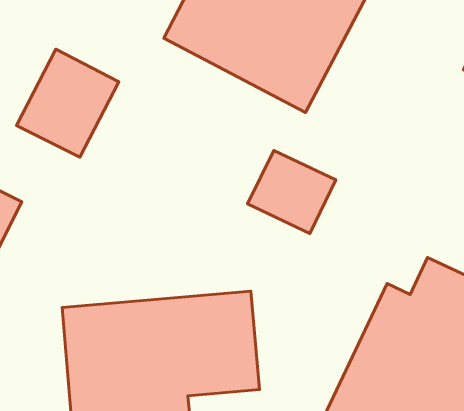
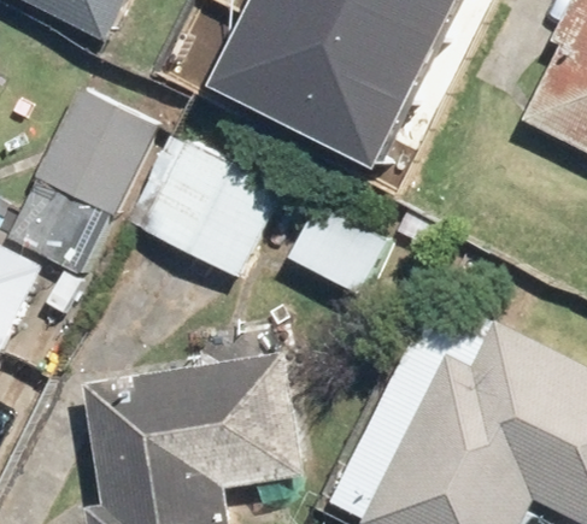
building: none -> [153,143,281,273]

